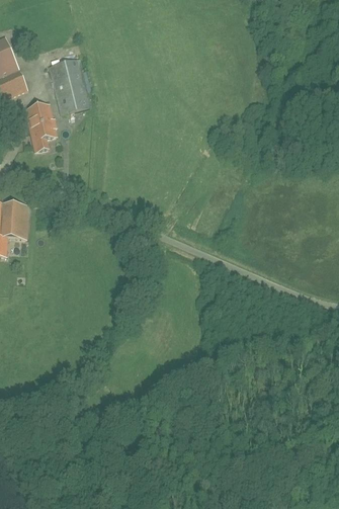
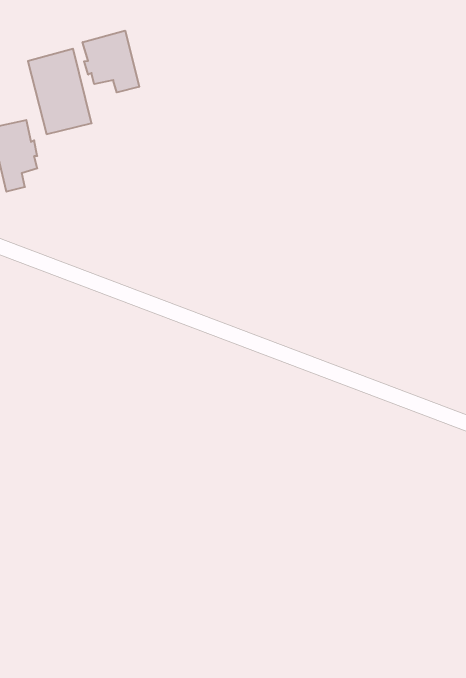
building: none -> [83,31,139,92]

